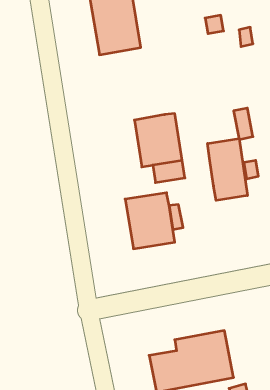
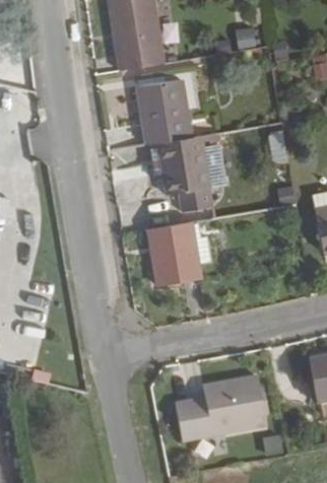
building: none -> [136,80,191,145]
building: [208,139,247,200] -> none

